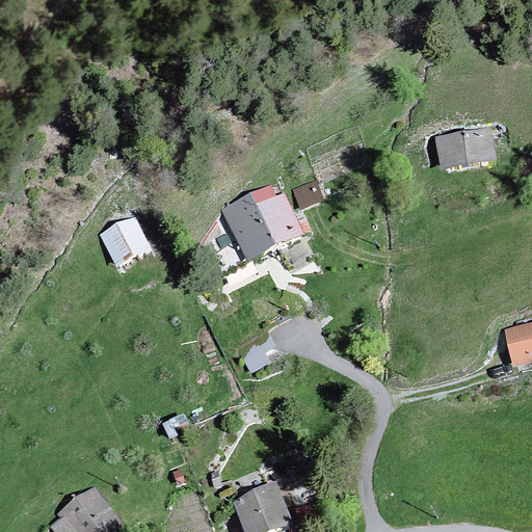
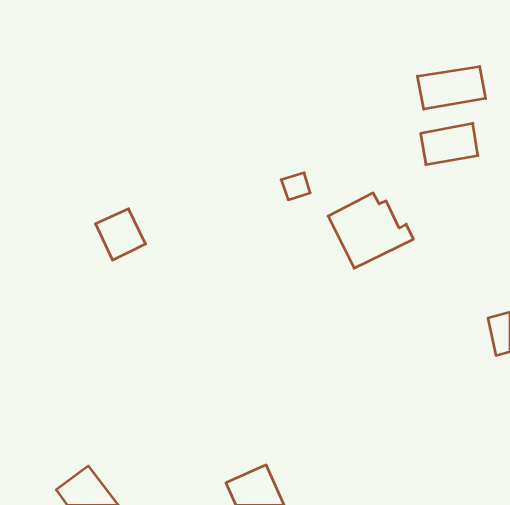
building: none -> [417,66,486,109]
building: [222,184,311,262] -> [328,193,413,268]

